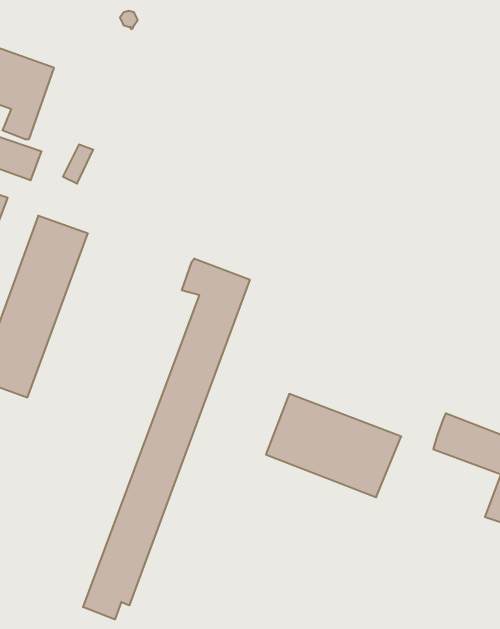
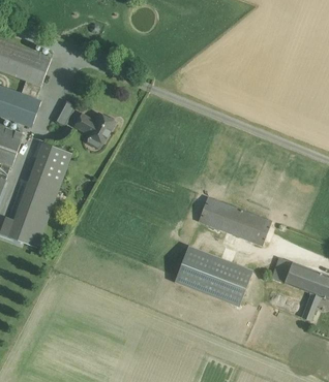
building: none -> [73,112,115,142]
building: [83,258,250,619] -> none
building: none -> [198,195,271,245]

